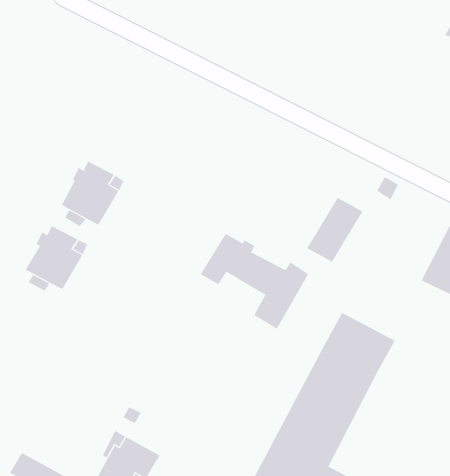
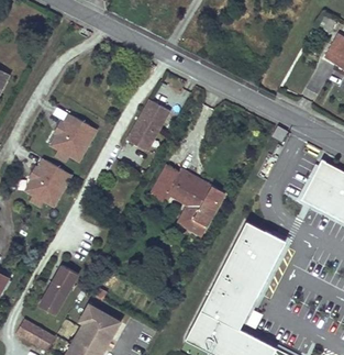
building: none -> [125,100,168,153]
building: [307,197,363,262] -> none
building: none -> [40,265,78,313]

